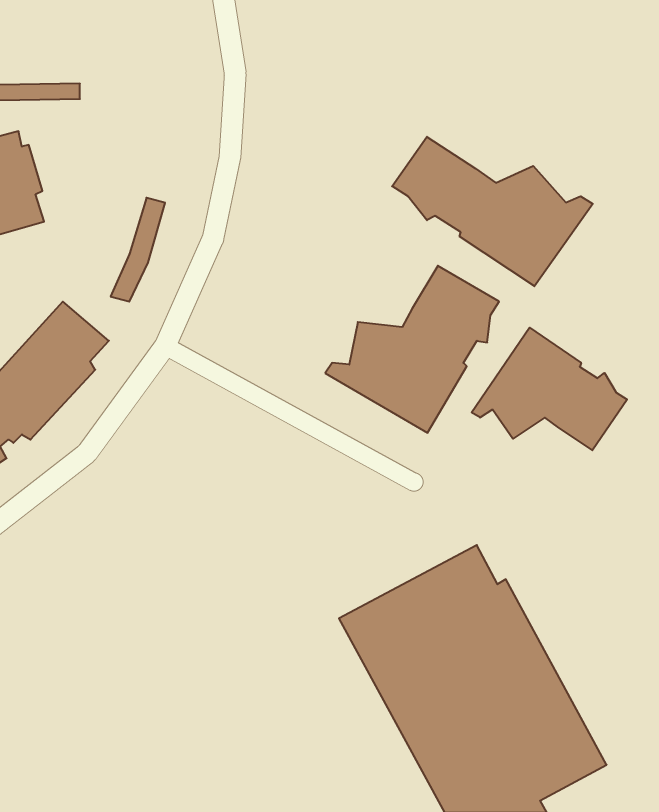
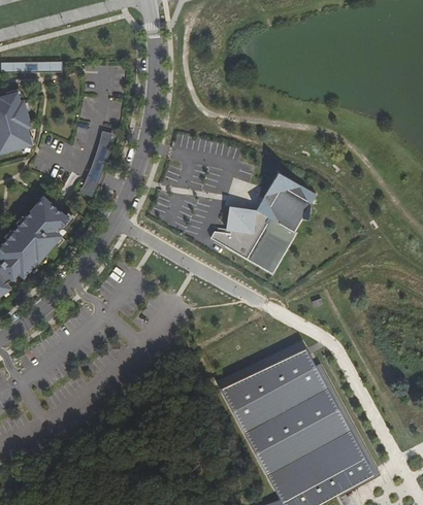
building: [392,137,593,286] -> none
building: [472,328,627,450] -> none

